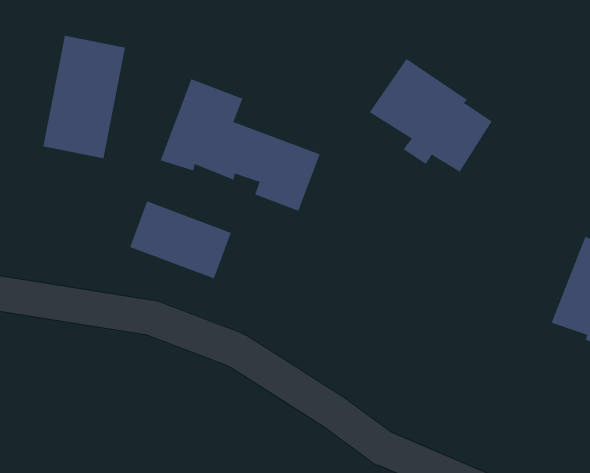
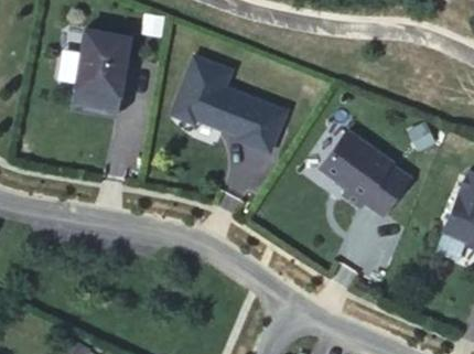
building: [369,58,493,172] -> [321,133,409,215]
building: [130,200,232,279] -> none

